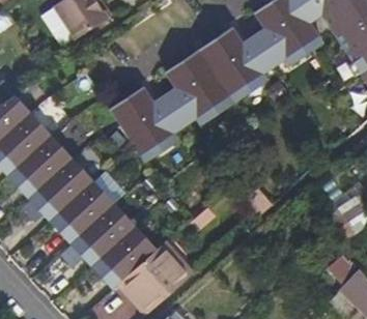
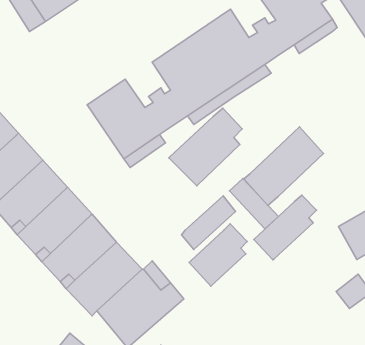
building: none -> [169,108,242,186]
building: none -> [244,127,324,205]
building: none -> [254,195,317,260]
building: none -> [189,224,247,286]

